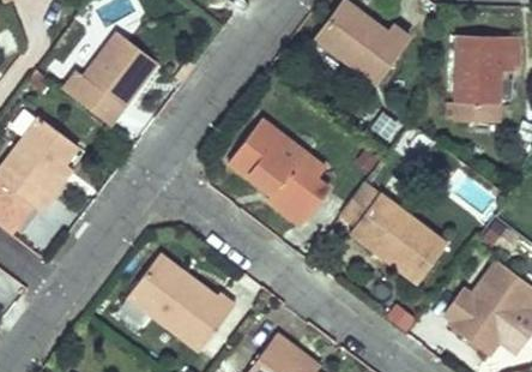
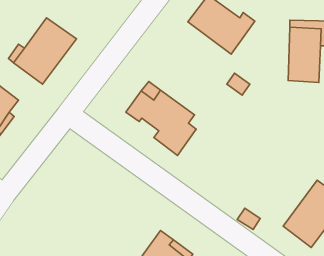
building: [339,182,448,283] -> none
building: [128,253,234,348] -> none

